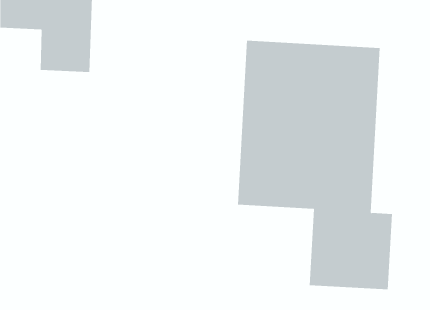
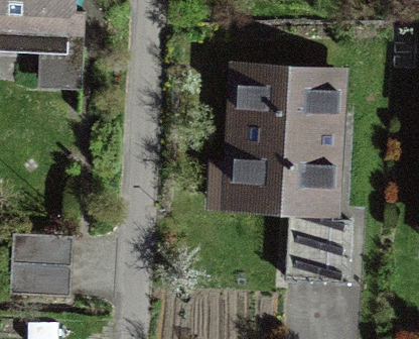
building: none -> [14,224,77,288]

